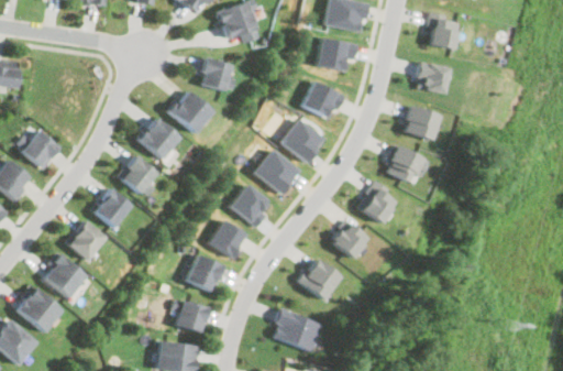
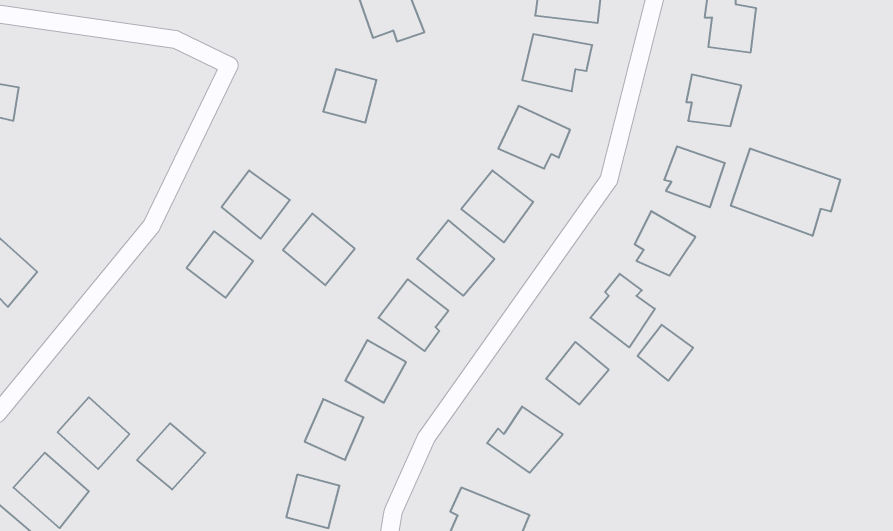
building: [169,90,212,133] -> [283,213,355,285]
building: none -> [731,148,840,236]
building: [19,131,57,170] -> none
building: [92,189,130,227] -> none
building: none -> [638,325,693,381]
building: [64,220,104,260] -> [137,423,205,490]

